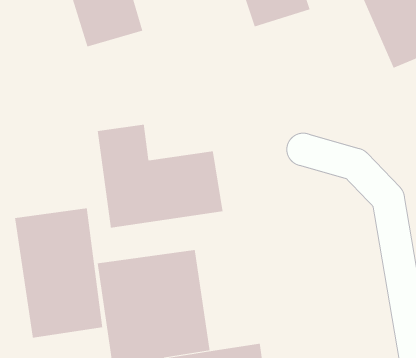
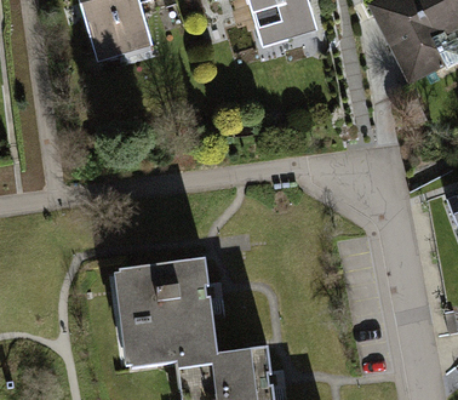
building: [97,124,223,228] -> none
building: [15,207,103,339] -> none

